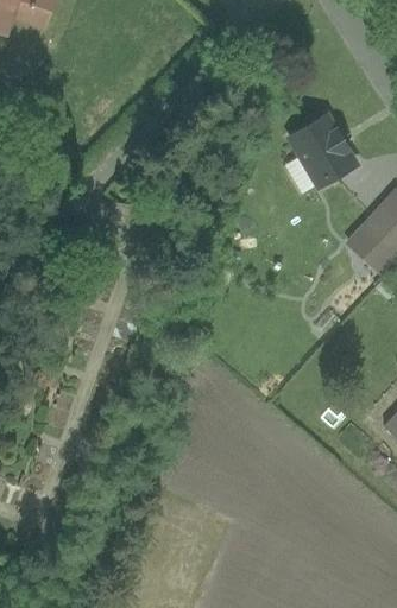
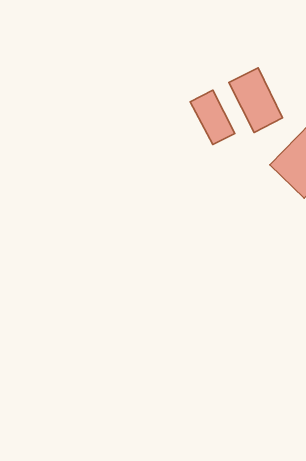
building: none -> [190,90,235,144]

